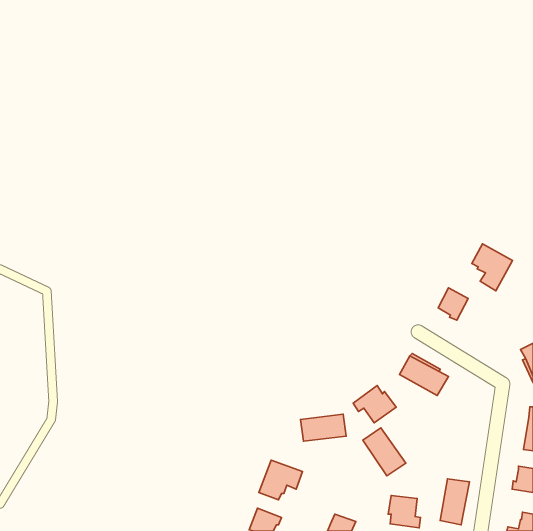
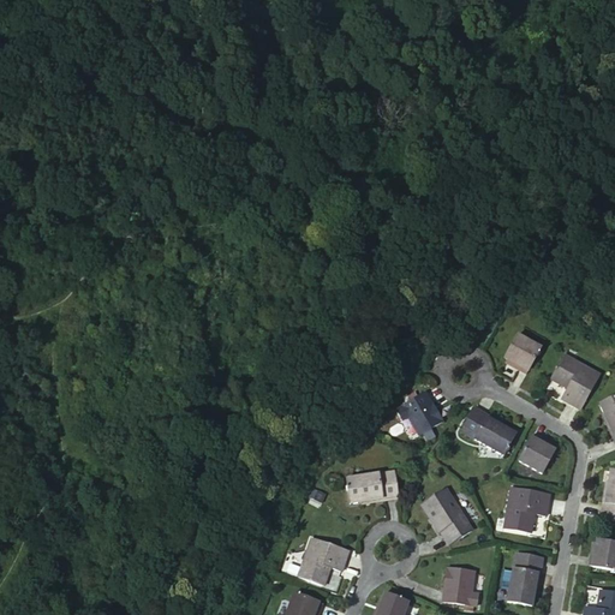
building: [472,244,513,291] -> [551,353,598,407]
building: none -> [519,434,555,473]
building: [353,385,396,423] -> [394,392,443,435]
building: none -> [503,486,549,530]

